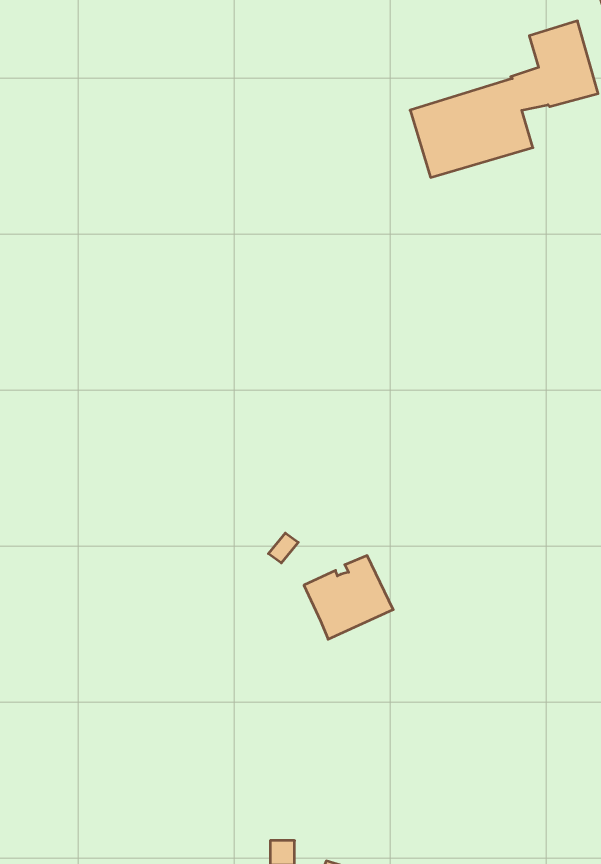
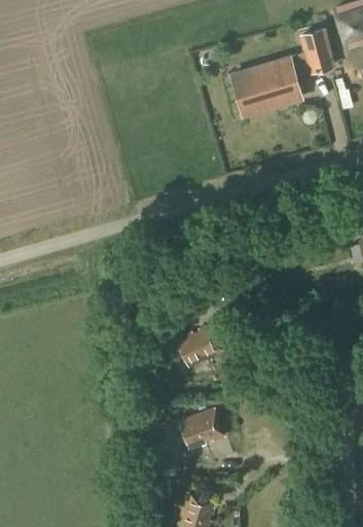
building: none -> [178,408,225,453]

